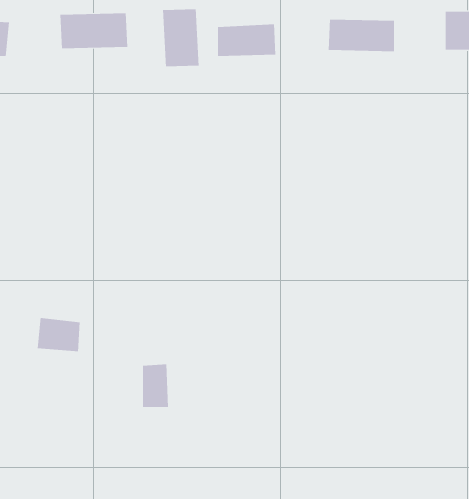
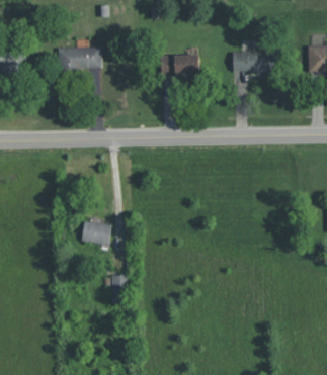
building: [162,8,199,67] -> none
building: [37,317,80,352] -> [82,221,110,244]

